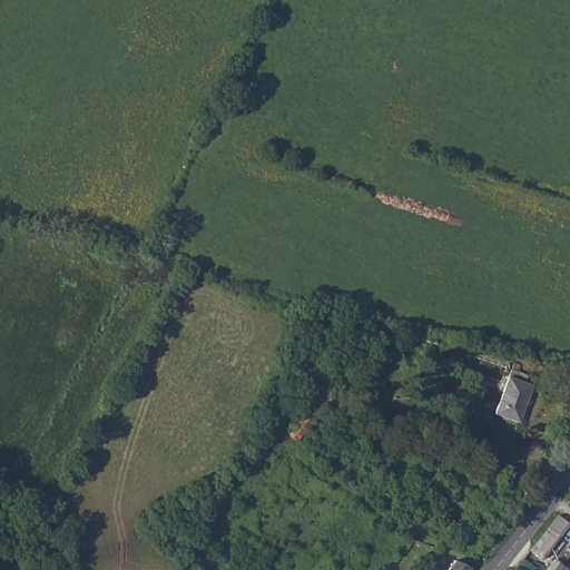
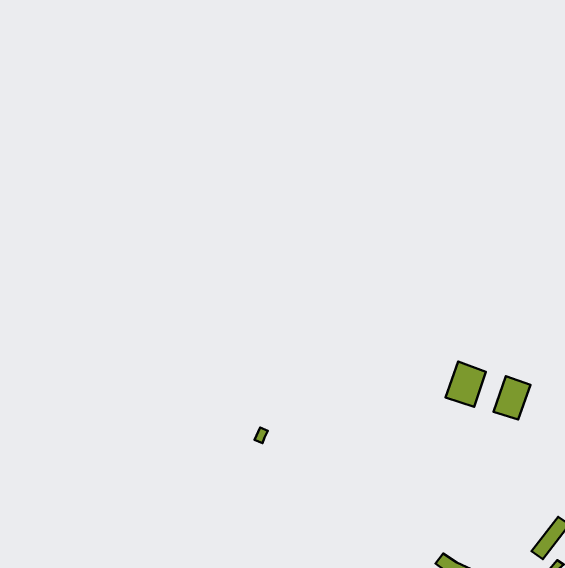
building: none -> [446,362,486,407]

